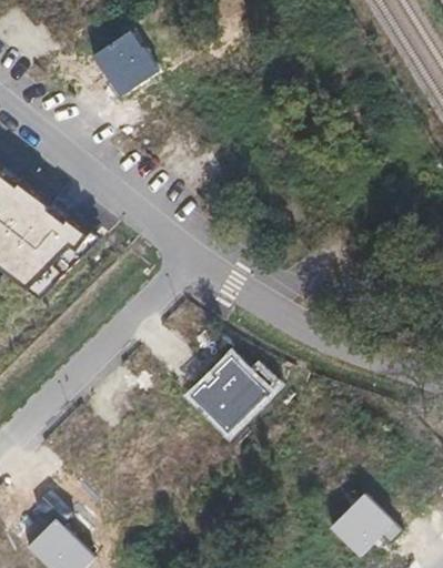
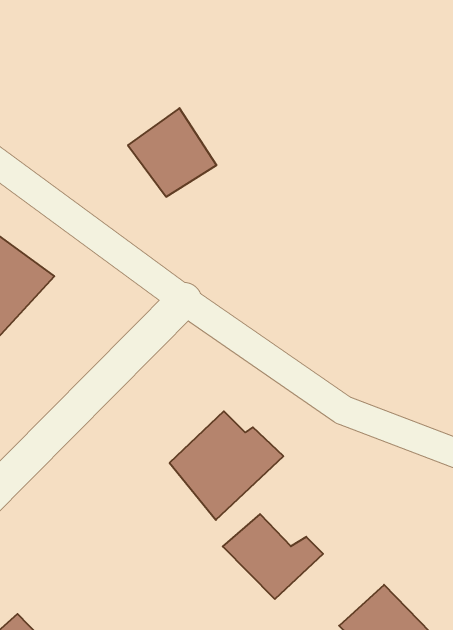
building: [87,23,161,98] -> [128,108,217,197]
building: none -> [223,514,323,599]

